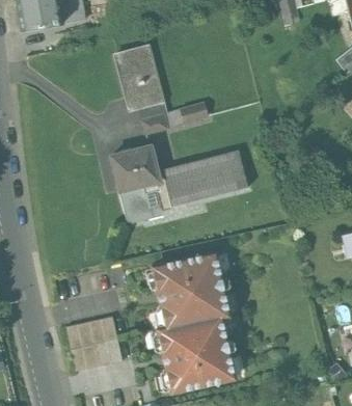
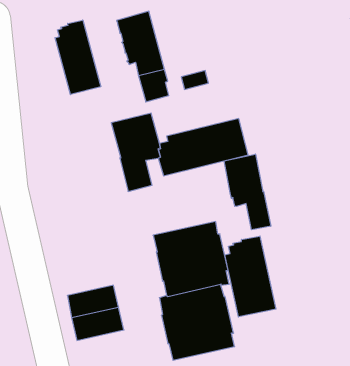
building: none -> [55,20,101,95]
building: none -> [224,154,271,230]
building: none -> [225,236,276,317]

